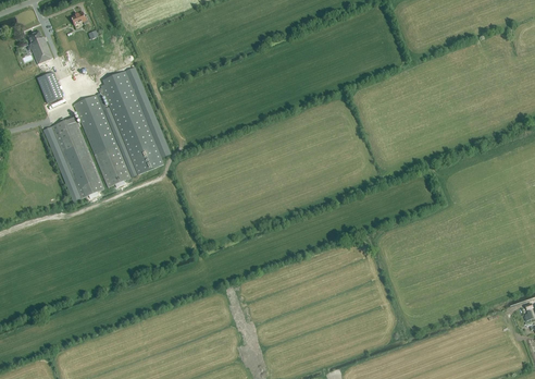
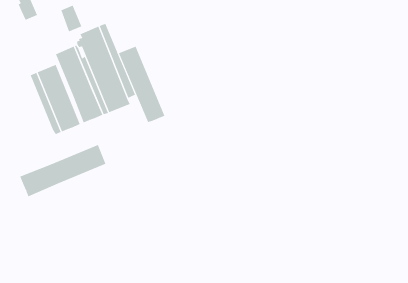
building: [37,71,63,103] -> [60,5,82,32]
building: none -> [118,46,165,123]
building: none -> [19,144,106,197]

